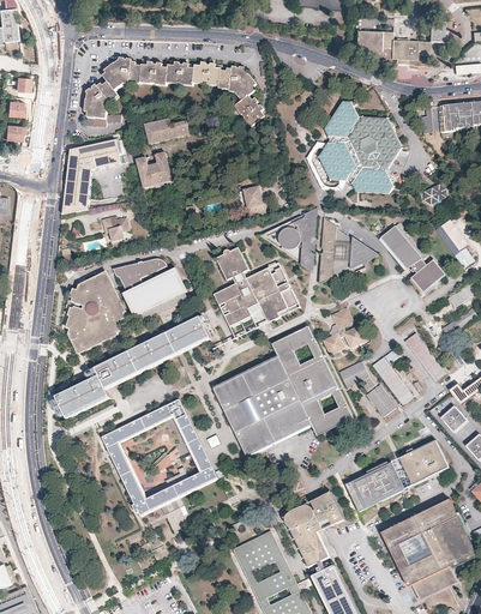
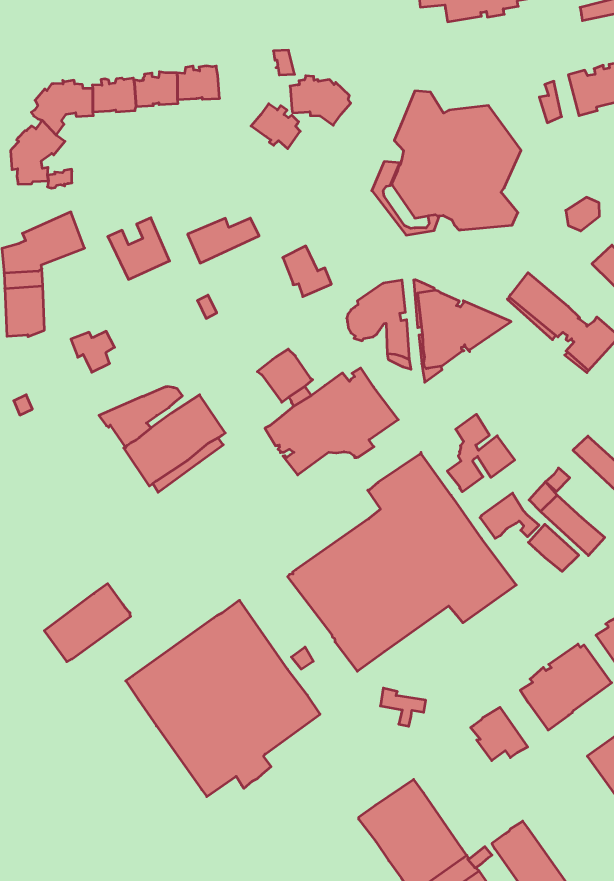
building: [220,65,257,98] -> [290,76,351,125]
building: [144,119,188,144] -> [188,218,259,263]
building: [66,275,125,351] -> none
building: [96,315,210,389] -> none
building: [284,505,330,566] -> none

